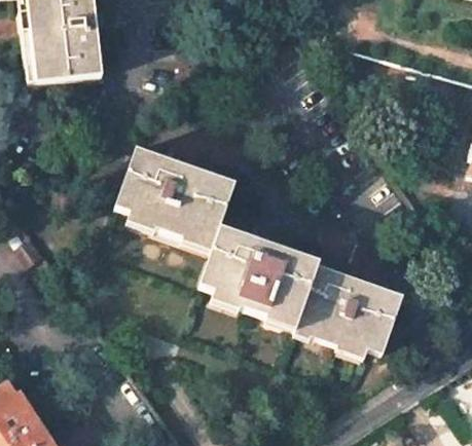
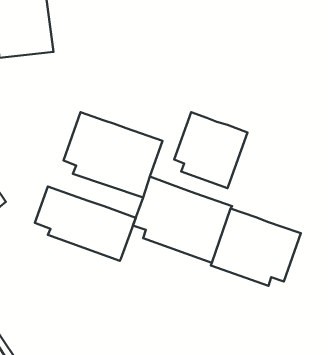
building: none -> [174,112,248,188]
building: none -> [35,186,136,261]

